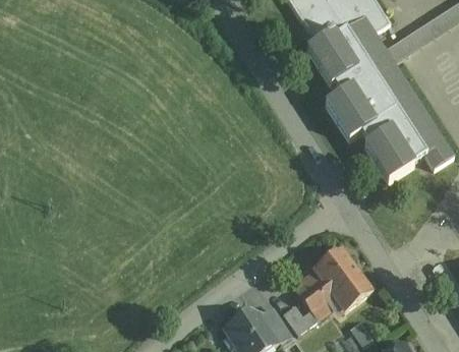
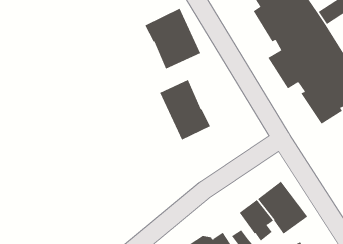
building: none -> [144,8,201,70]
building: none -> [160,79,211,141]

